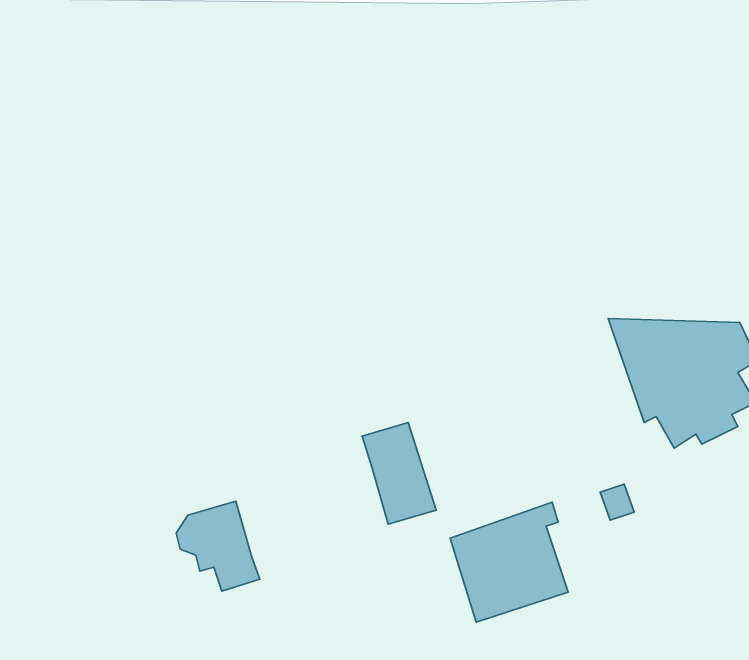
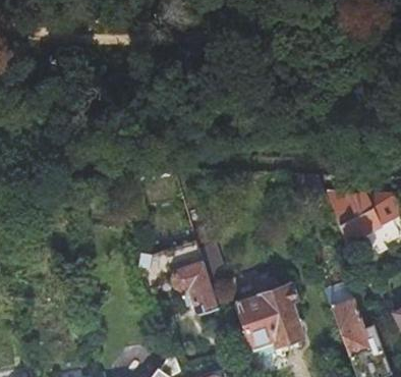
building: [176,501,260,591] -> [174,268,217,314]
building: none -> [331,300,369,358]

